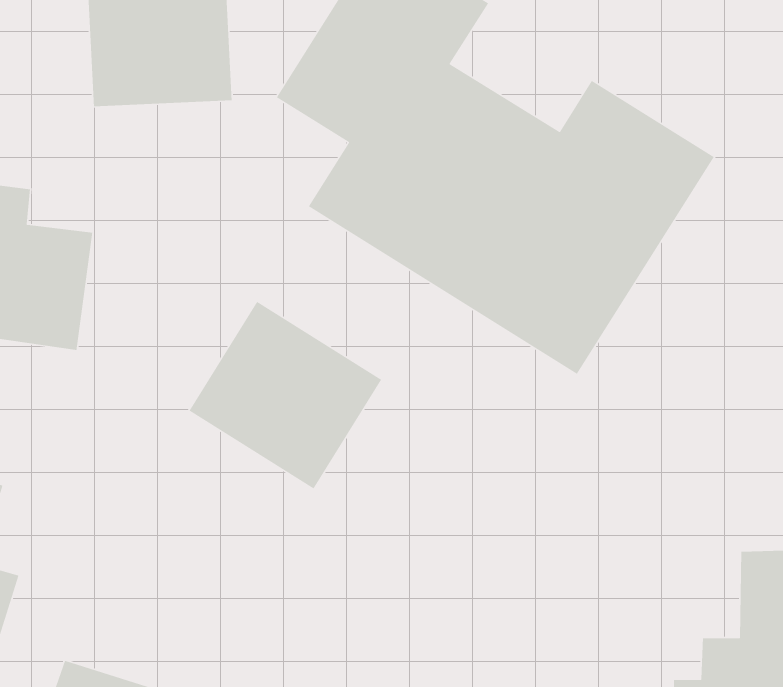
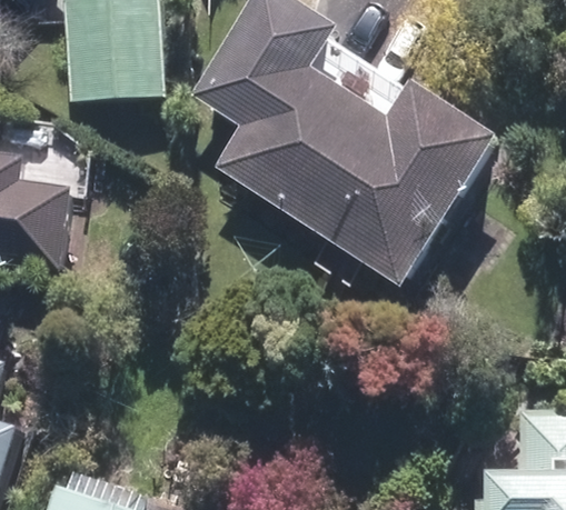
building: [188,301,382,489] -> none

